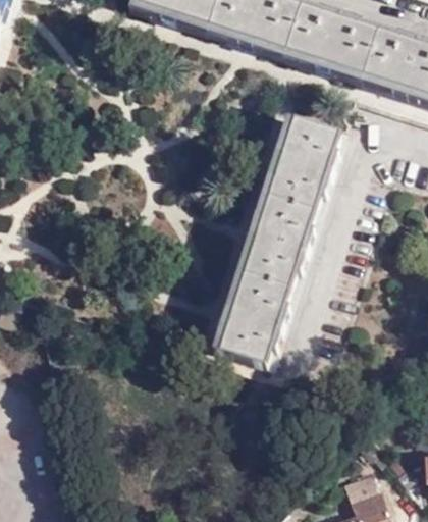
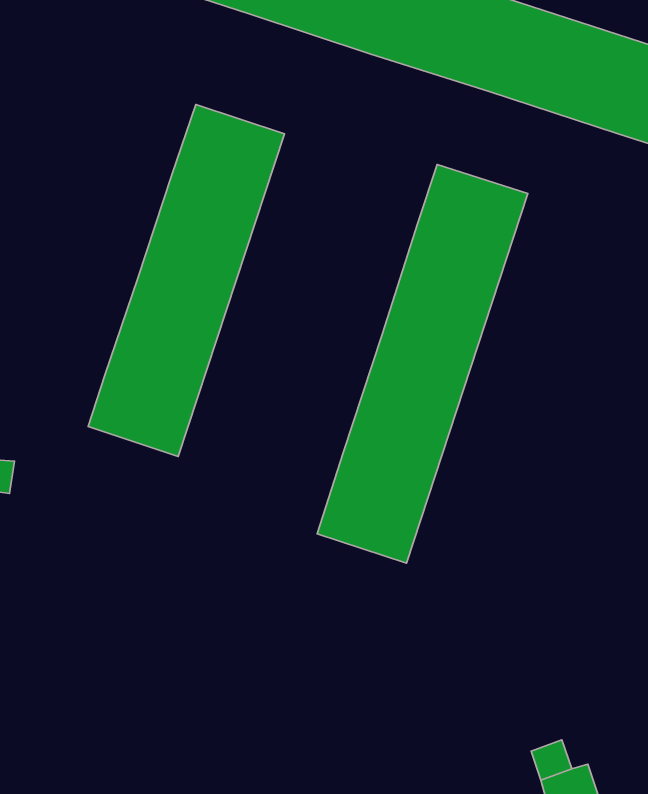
building: none -> [88,104,284,457]

